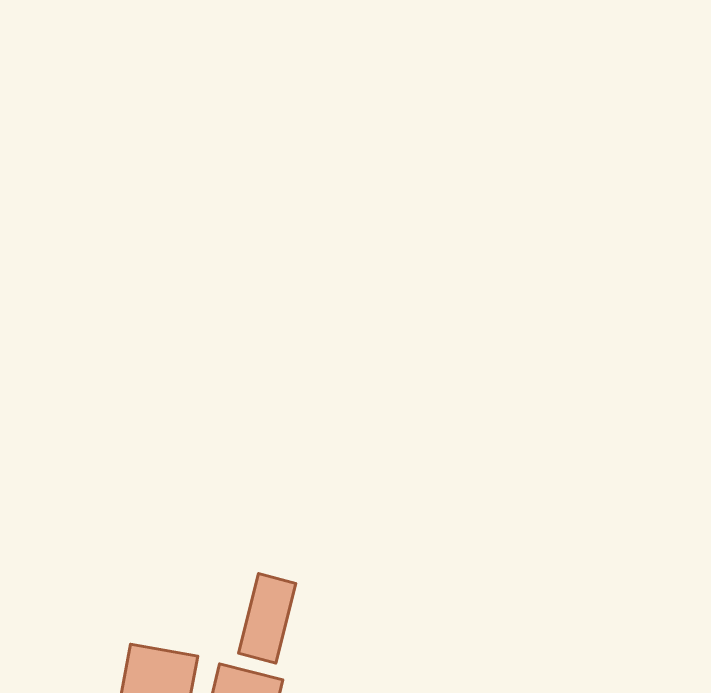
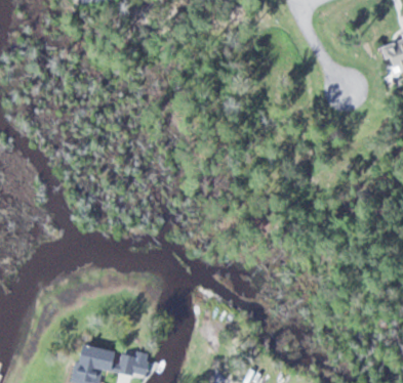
building: [238,573,296,663] -> none

